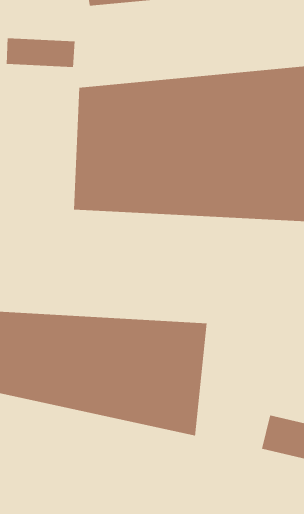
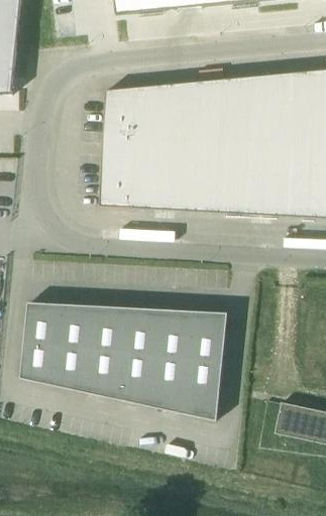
building: [6,37,75,68] -> none

